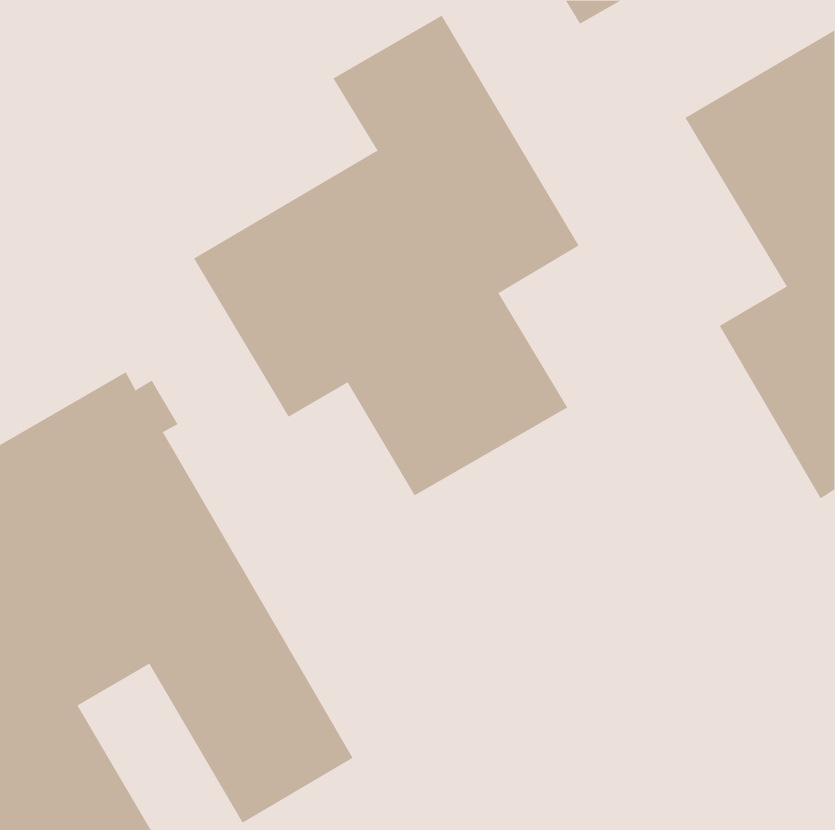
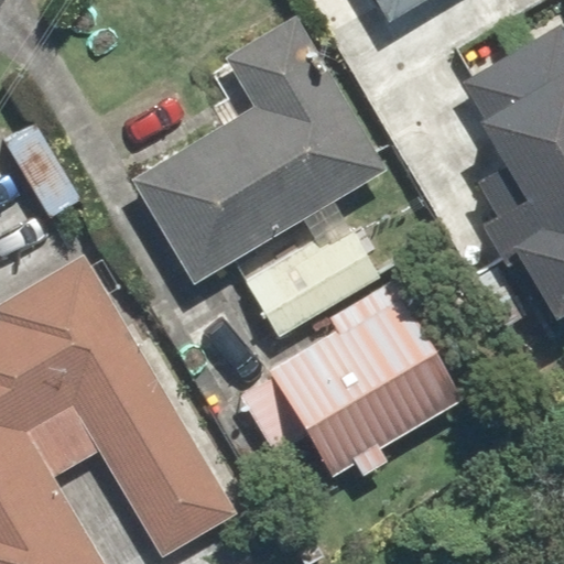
building: none -> [267,272,478,477]

